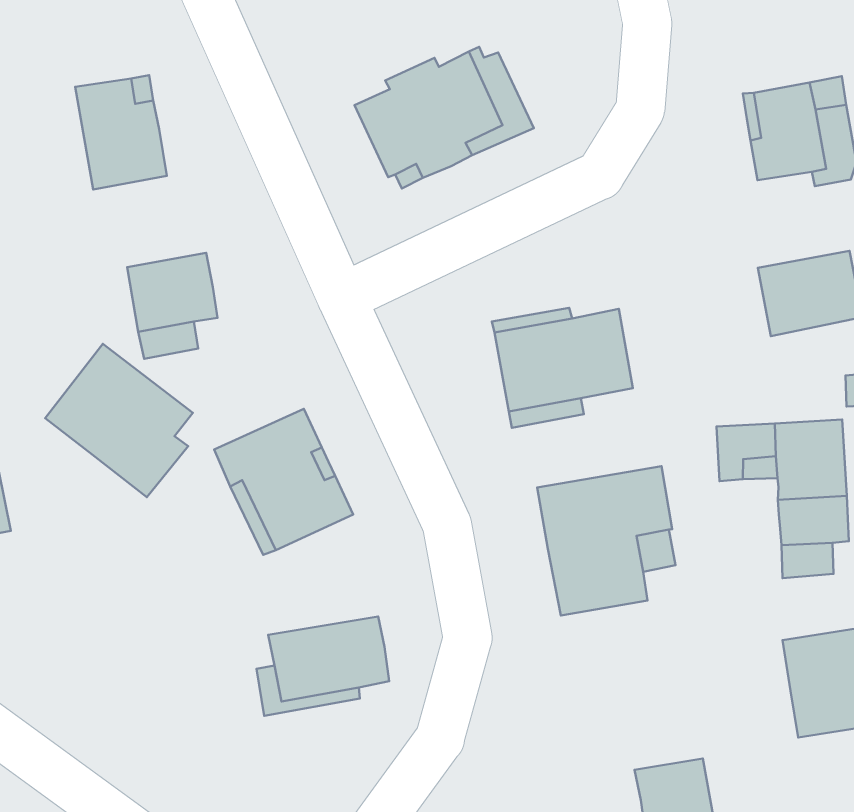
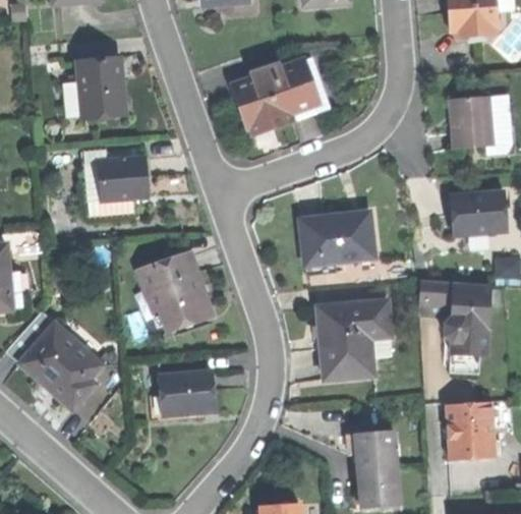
building: [45,344,193,497] -> [19,322,102,409]
building: none -> [354,429,396,468]

